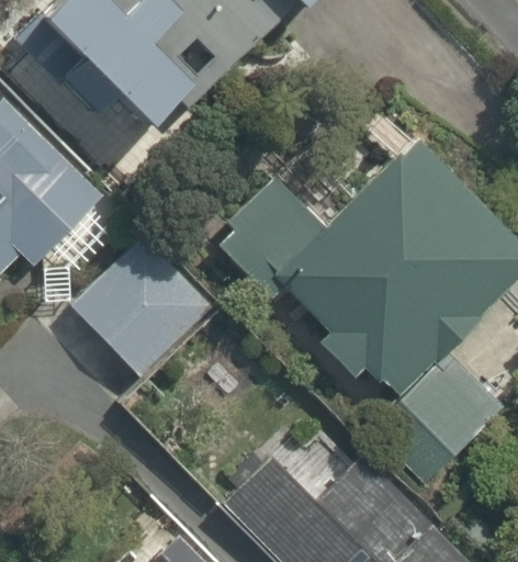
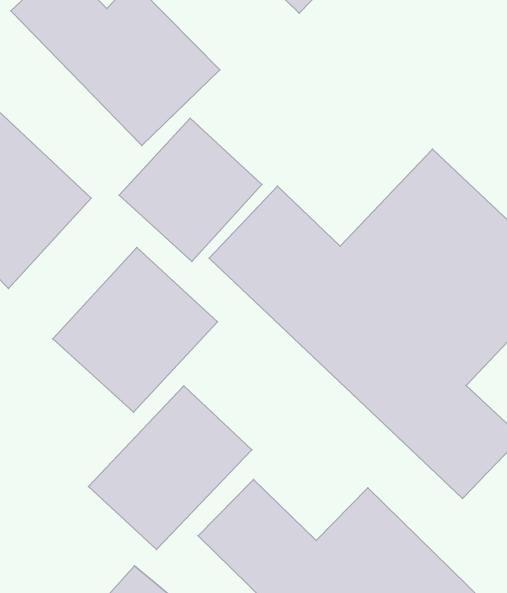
building: none -> [119,118,262,262]
building: none -> [89,386,252,550]

